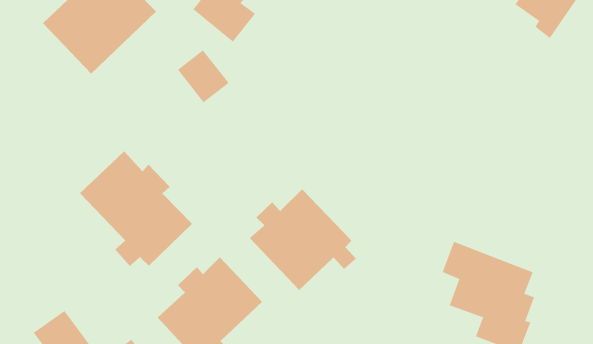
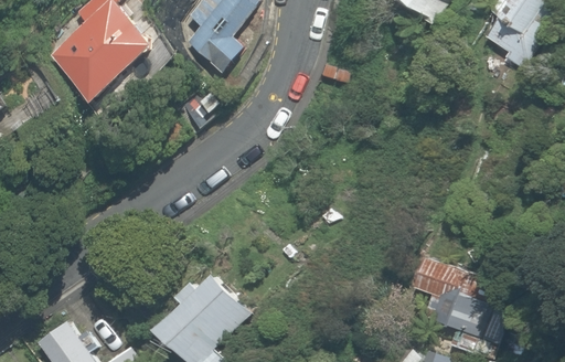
building: [79,151,193,267] -> none
building: [249,189,357,291] -> none

